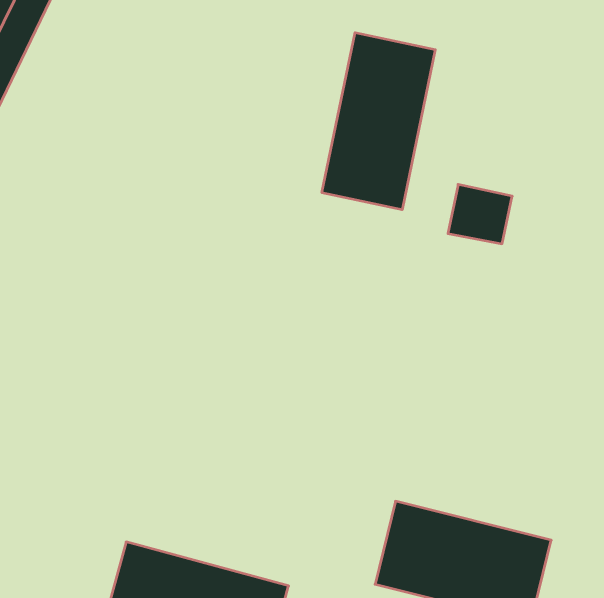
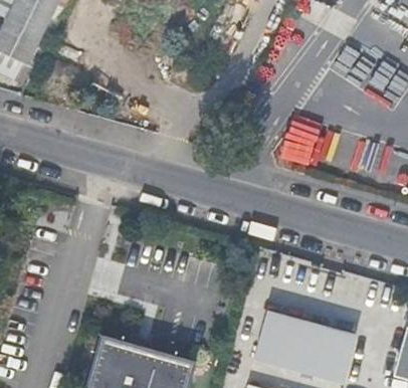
building: [322,33,435,210] -> none

